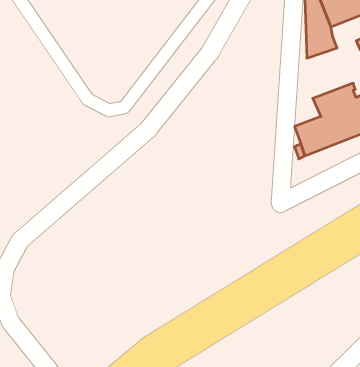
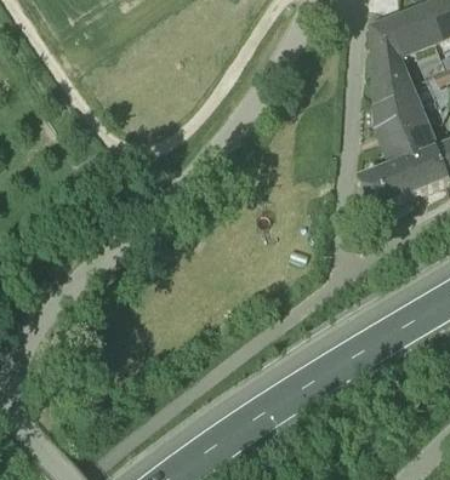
building: none -> [374,79,429,139]

